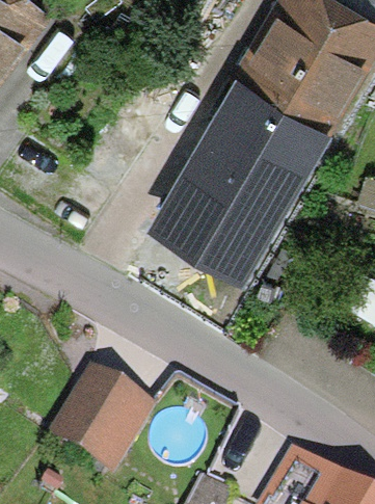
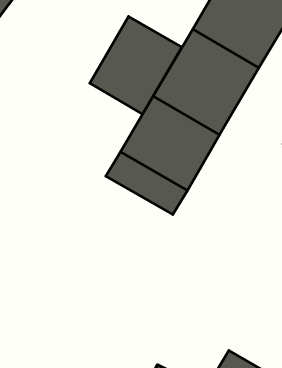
building: none -> [90,16,182,114]
building: [62,369,151,457] -> none

